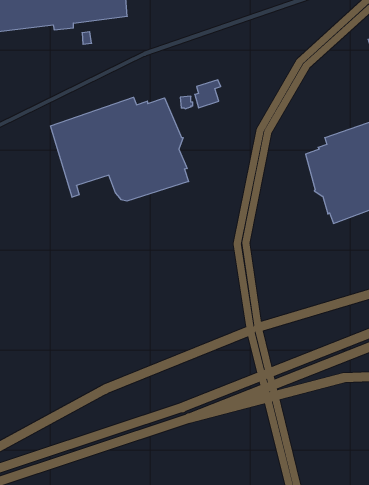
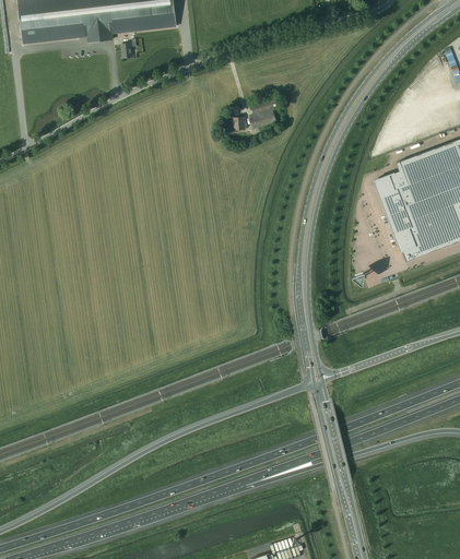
building: [51,97,189,201] -> none

